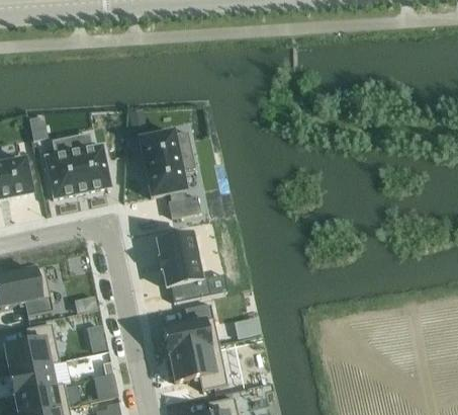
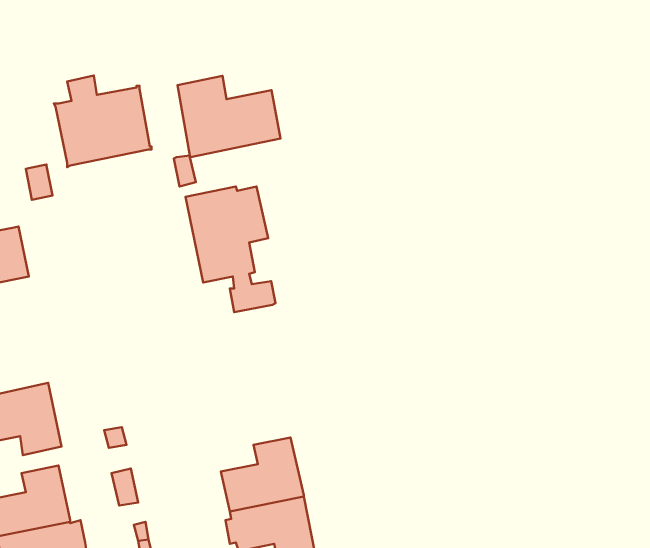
building: none -> [178,76,280,157]
building: [43,136,110,198] -> [54,76,151,167]
building: [156,233,226,301] -> none

